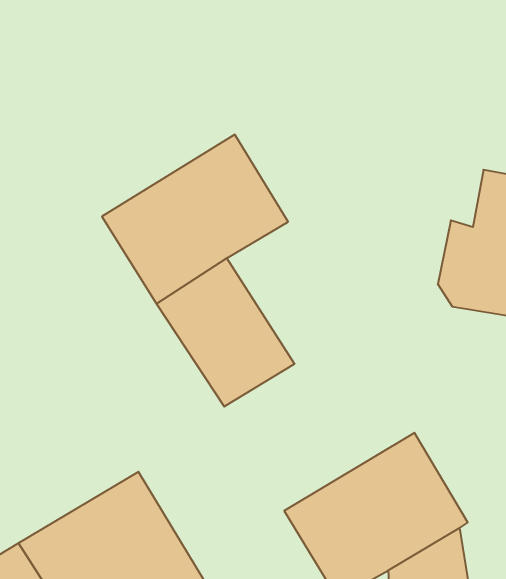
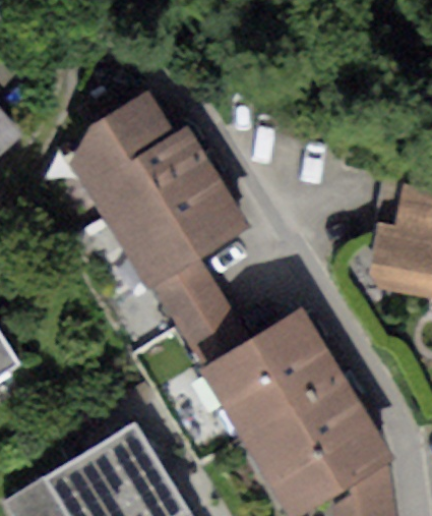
building: none -> [68,92,210,221]
building: none -> [202,309,351,451]

